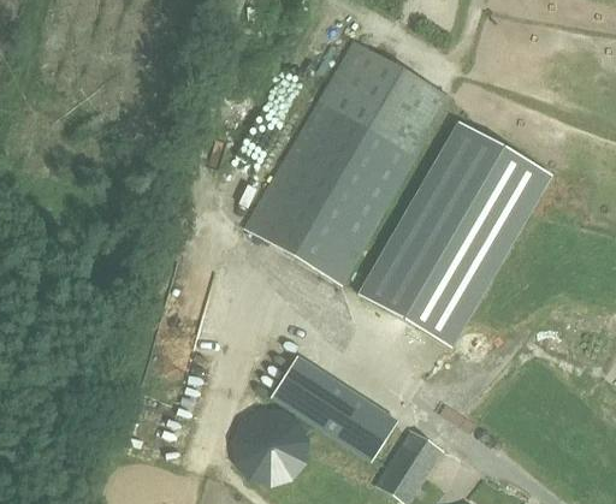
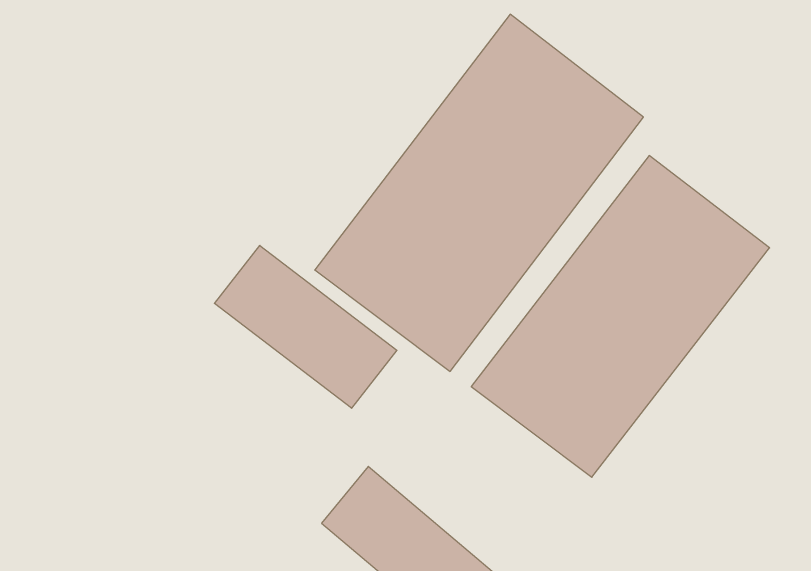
building: none -> [214,245,397,408]

